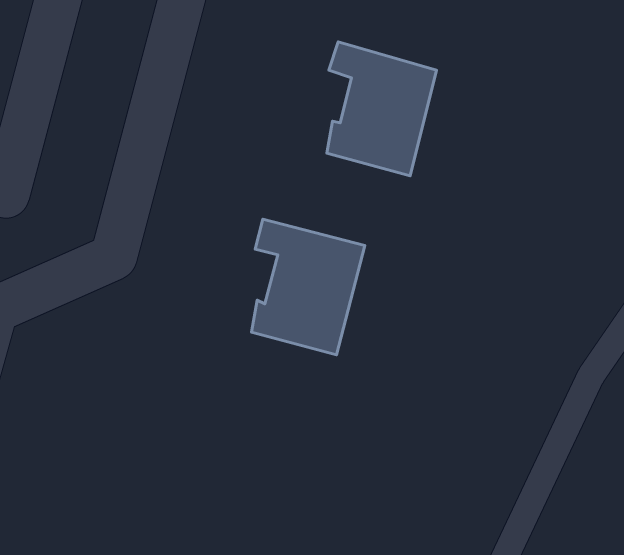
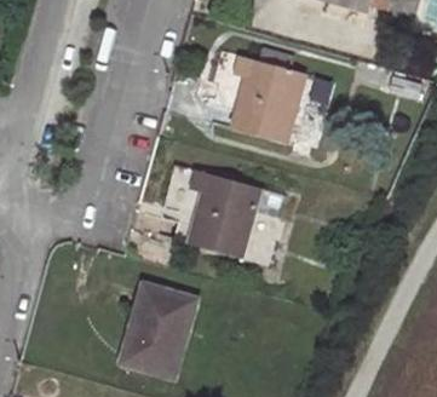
building: none -> [122,282,196,376]

